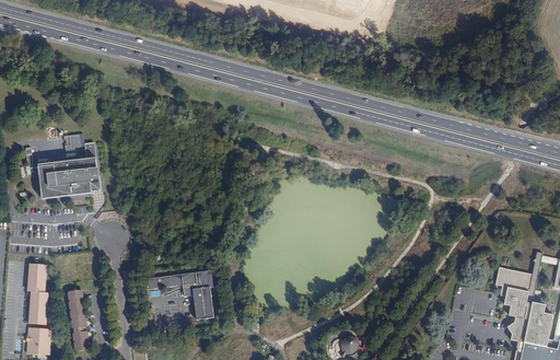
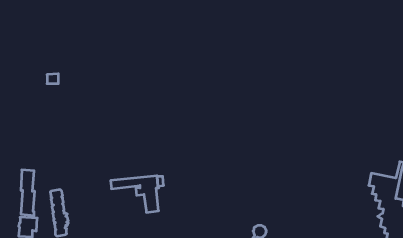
building: [38,148,102,196] -> none

